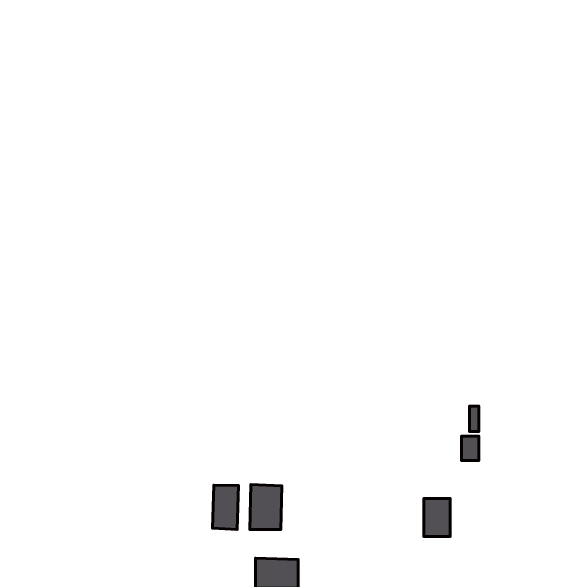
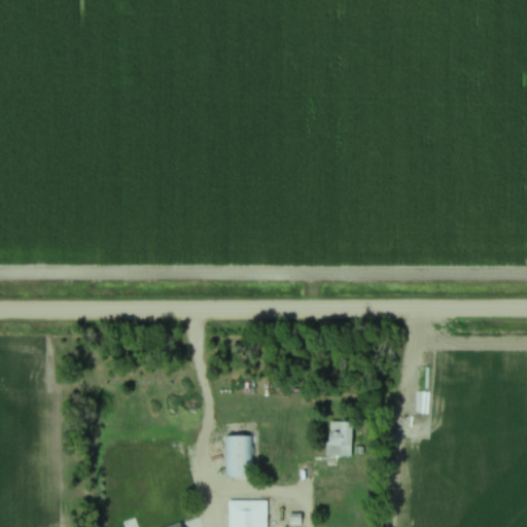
building: [213,485,238,529] -> none
building: [424,498,450,536] -> [328,423,352,457]

